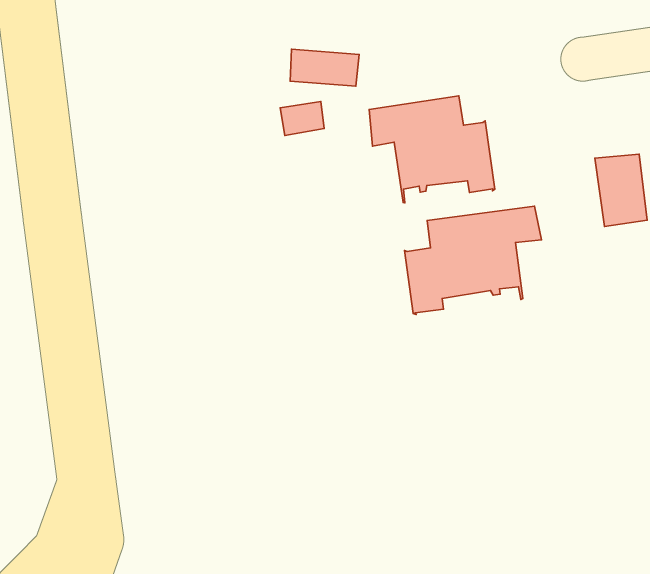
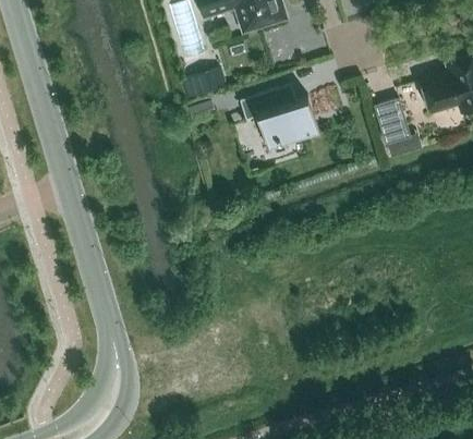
building: [404,206,541,314] -> none

